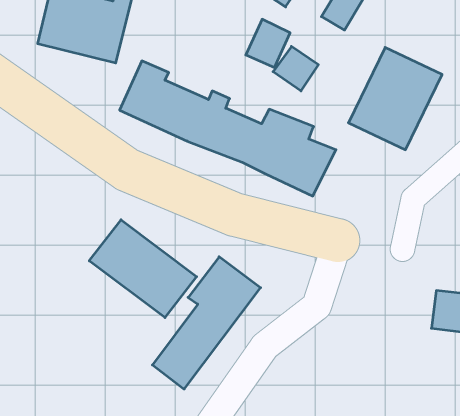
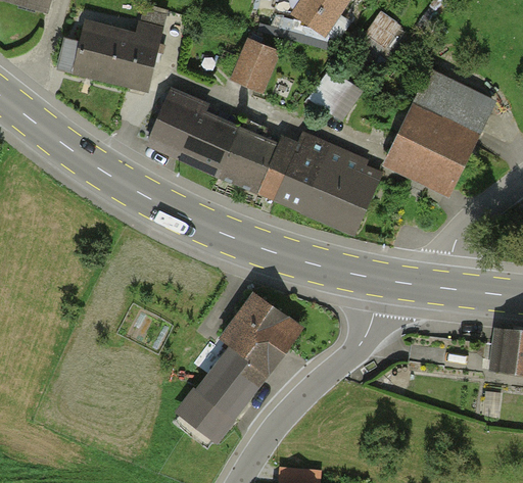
building: [246,19,290,67] -> [233,40,280,91]
building: [89,220,197,318] -> none

